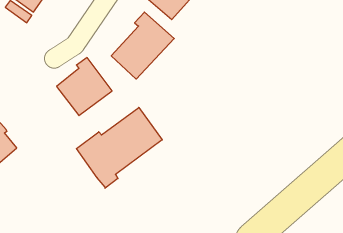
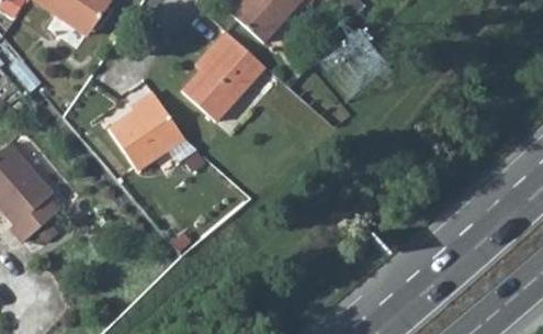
building: [76,107,162,188] -> none

